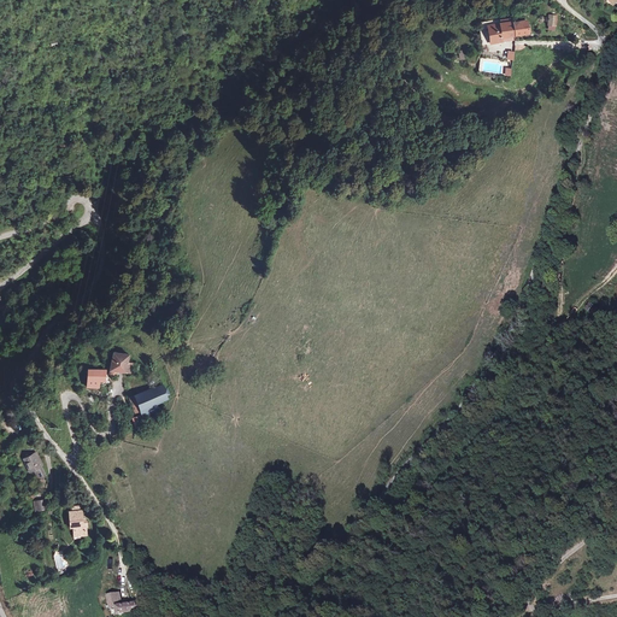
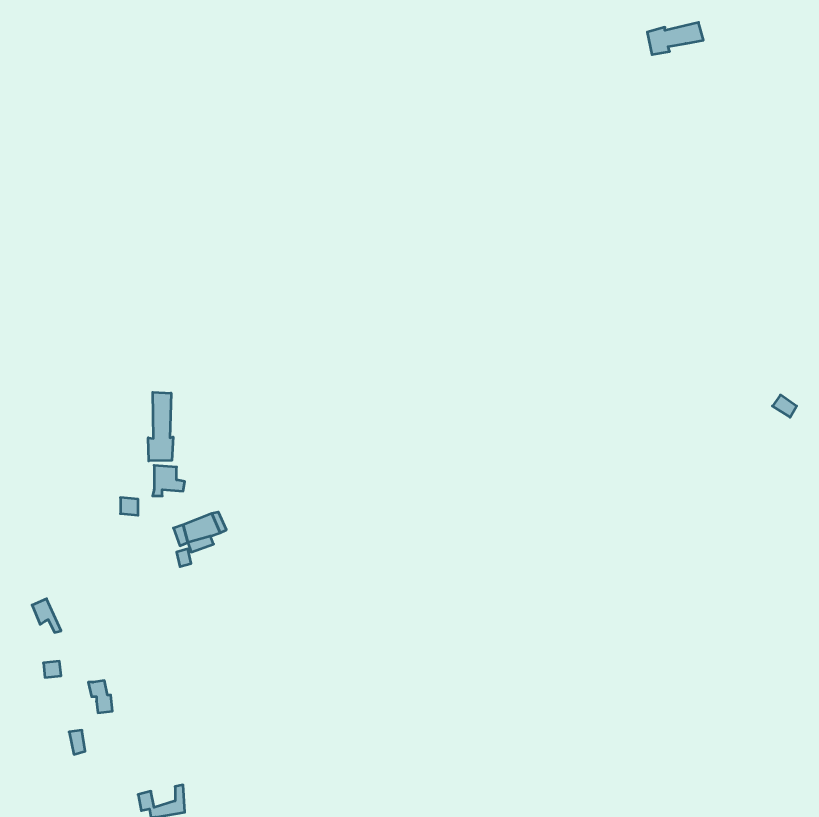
building: none -> [148,392,173,461]

